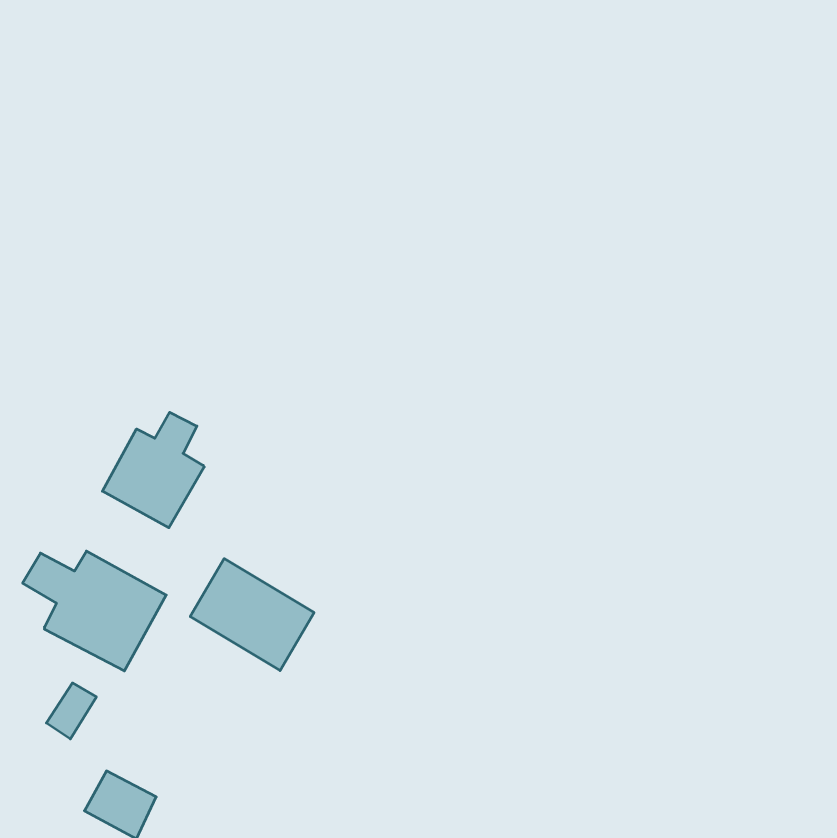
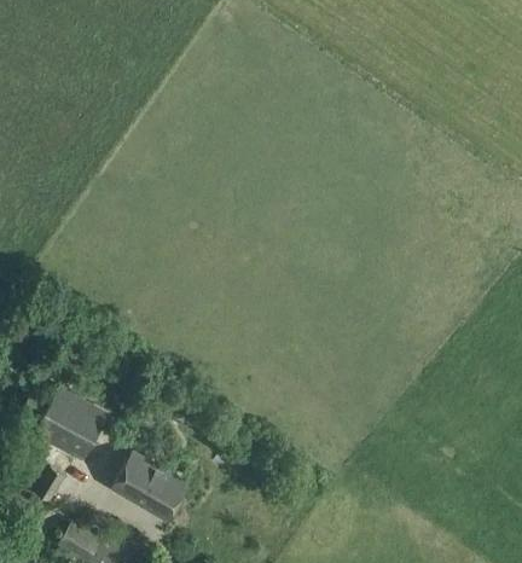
building: [102,412,204,528] -> none
building: [190,559,314,671] -> [114,452,188,520]

